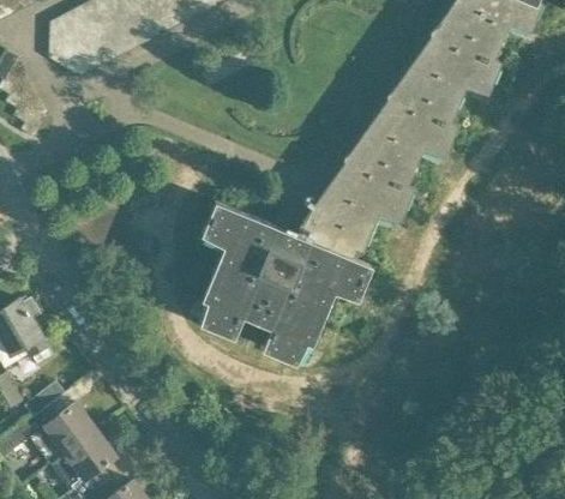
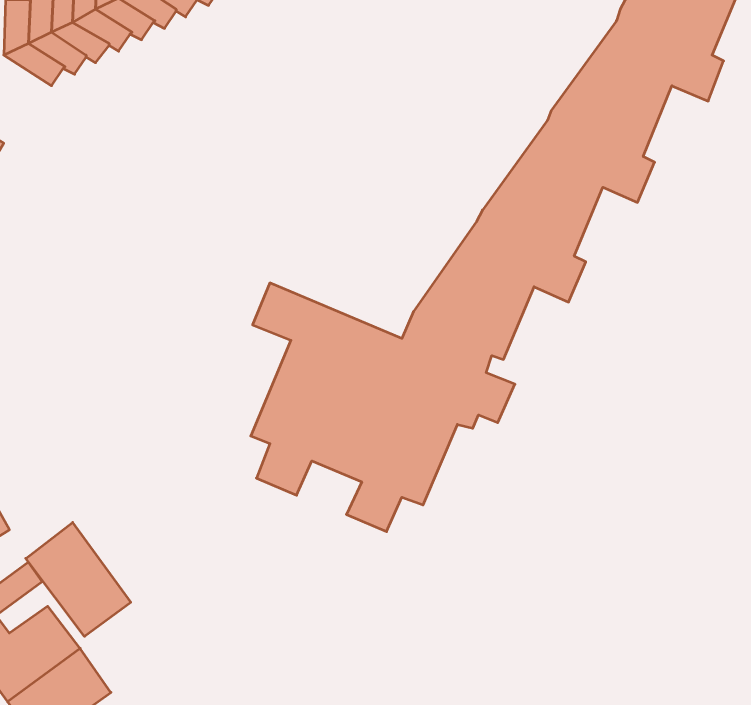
building: none -> [26,522,131,636]

